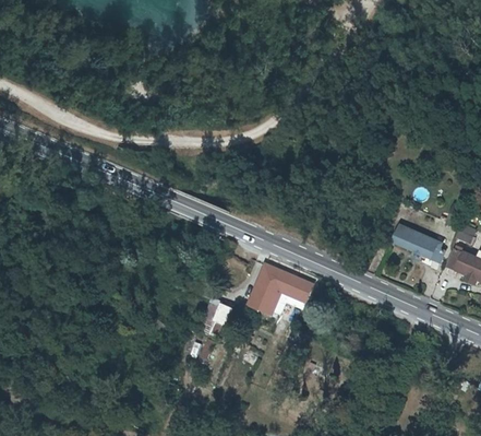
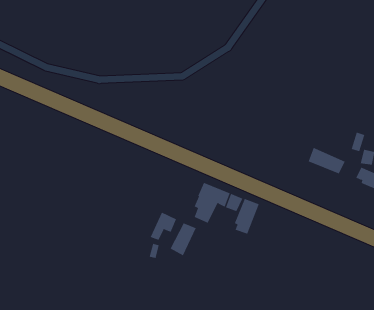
building: none -> [234,198,260,234]
building: none -> [170,223,196,256]

